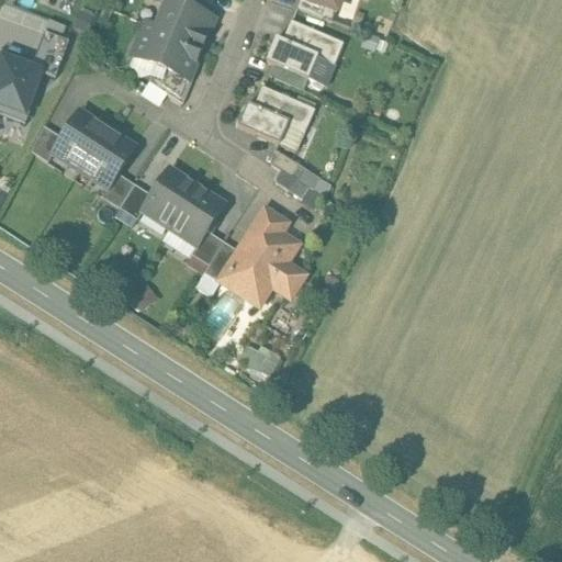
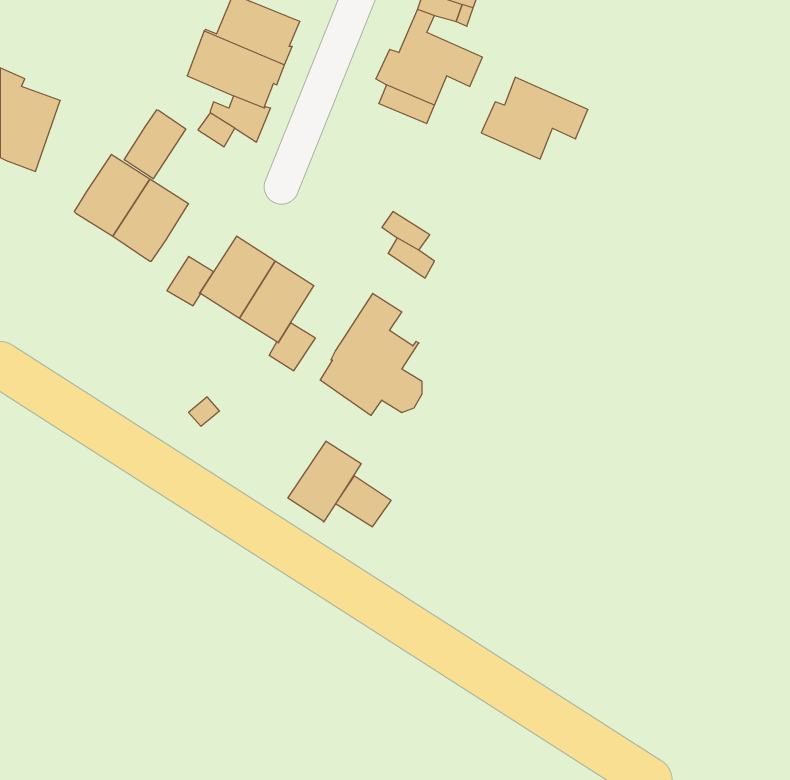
building: none -> [124,110,186,179]
building: [238,85,314,143] -> [481,77,588,159]
building: [31,124,61,160] -> none
building: [101,171,134,206] -> none
building: [204,240,238,281] -> none
building: none -> [288,441,361,522]

